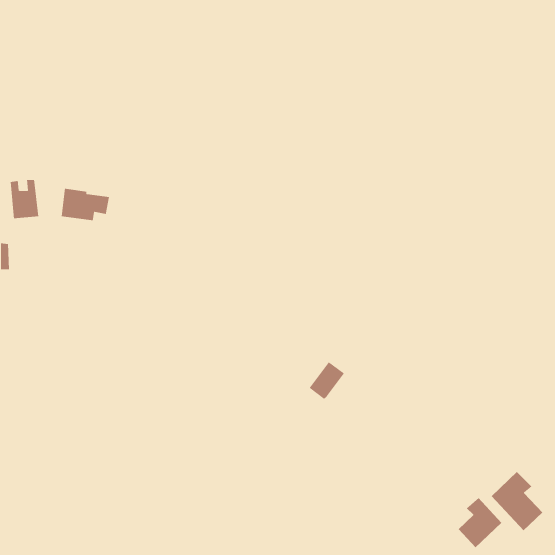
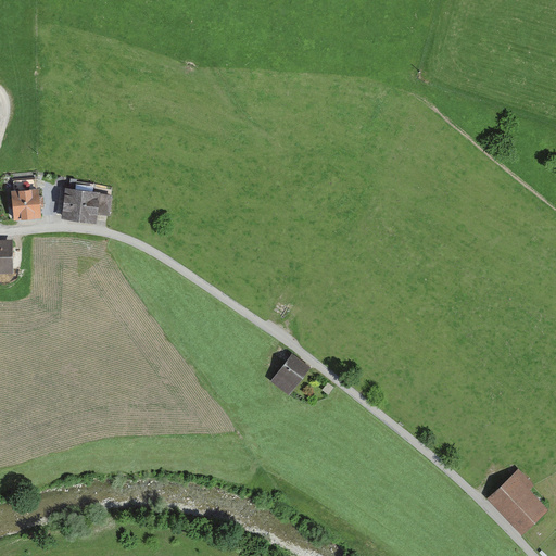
building: [309,362,345,400] -> [271,355,307,393]
building: [458,497,502,548] -> none

